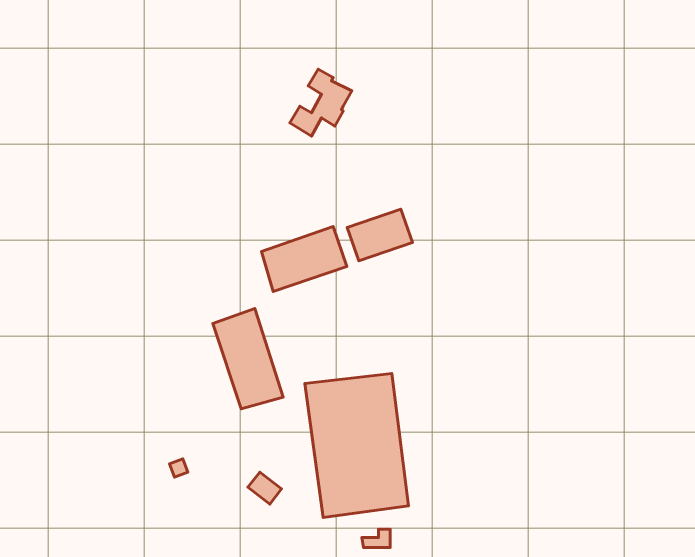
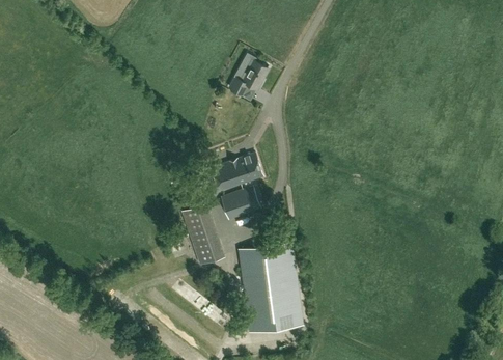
building: [347,209,412,261] -> [219,189,259,221]

